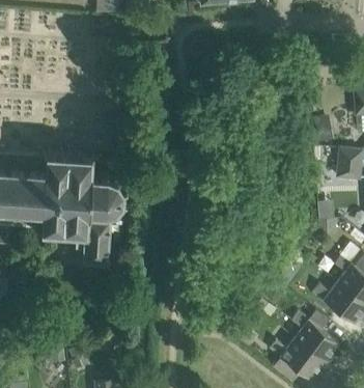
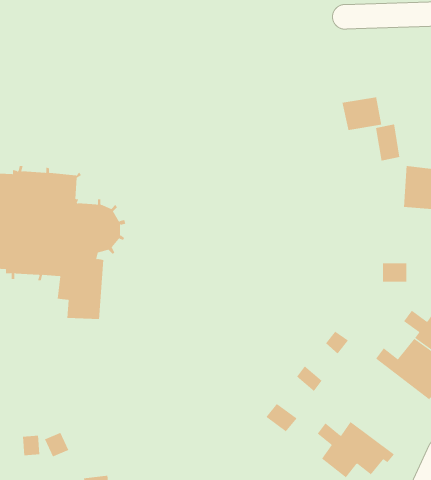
building: none -> [342,96,382,131]
building: [291,312,338,363] -> none

